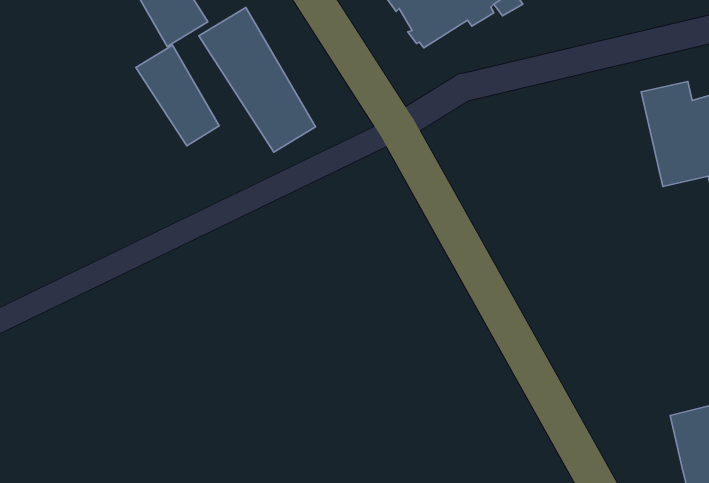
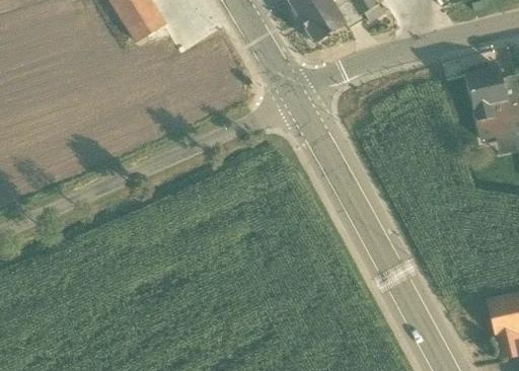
building: [199,7,315,152] -> none
building: [136,45,219,146] -> none

